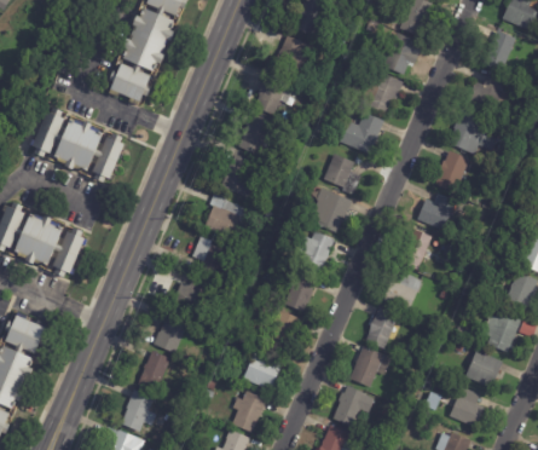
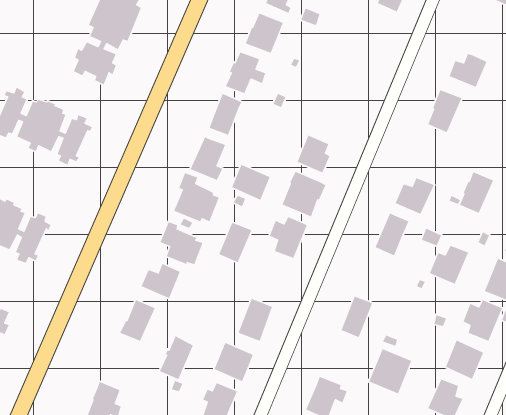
building: [482,29,516,71] -> none
building: [383,33,418,74] -> none
building: [359,71,403,114] -> none
building: [339,108,383,154] -> none
building: [435,150,469,191] -> [459,171,494,214]
building: none -> [231,164,271,201]
building: [284,272,317,312] -> [218,222,252,263]
building: [383,272,422,311] -> [429,245,469,285]
building: [349,346,392,391] -> [368,348,412,395]
building: [137,350,170,393] -> [159,335,194,380]

